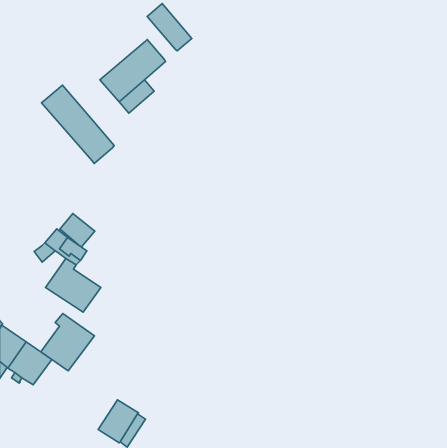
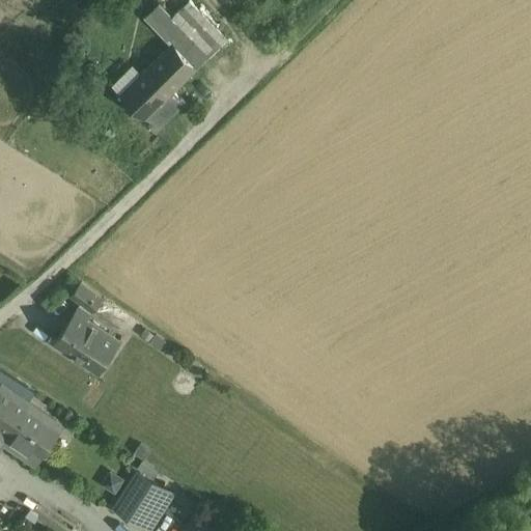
building: none -> [147,6,207,69]
building: [42,85,114,163] -> none
building: [60,213,95,247] -> none
building: [41,314,95,371] -> none

